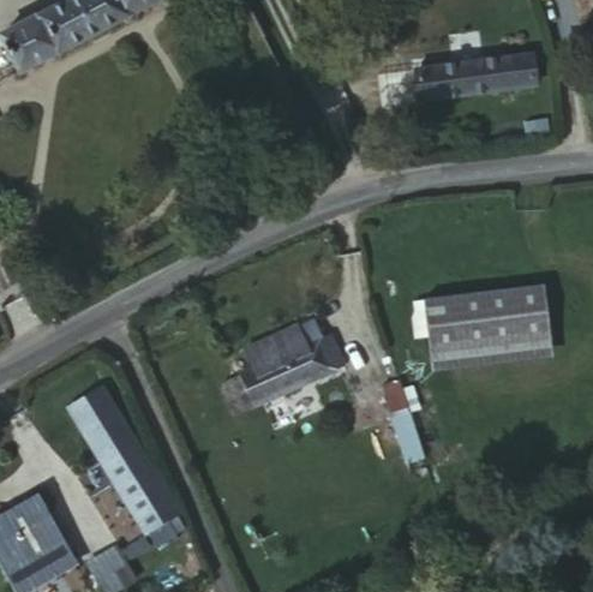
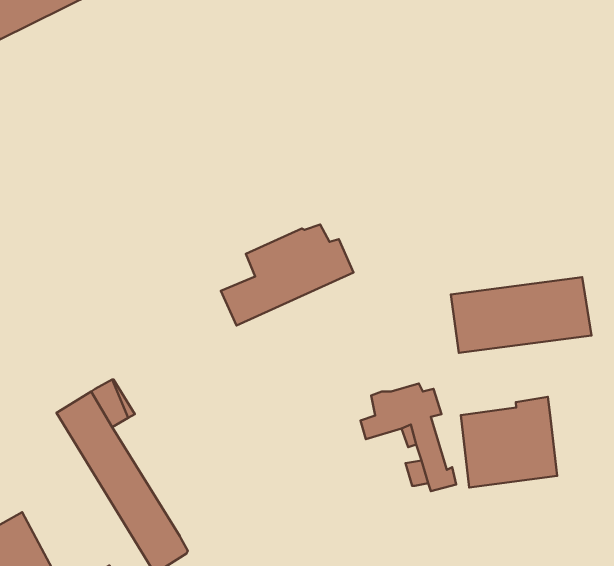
building: [415,54,531,102] -> none
building: [221,322,341,413] -> [221,225,353,326]
building: none -> [461,397,557,487]

